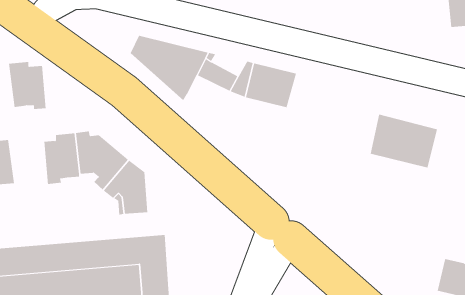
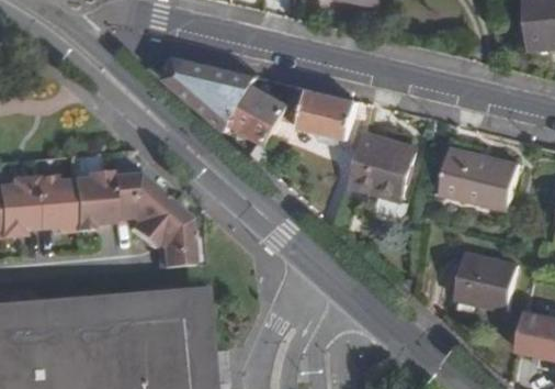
building: [8,62,47,110] -> [27,175,71,230]
building: none -> [231,103,280,146]
building: none -> [347,132,418,202]
building: none -> [455,254,518,312]

